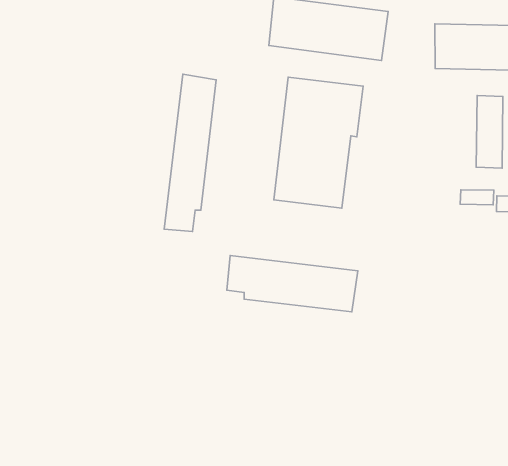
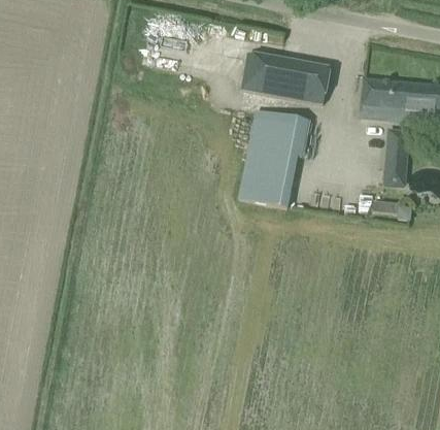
building: [164,74,216,231] -> none
building: [227,255,358,312] -> none

